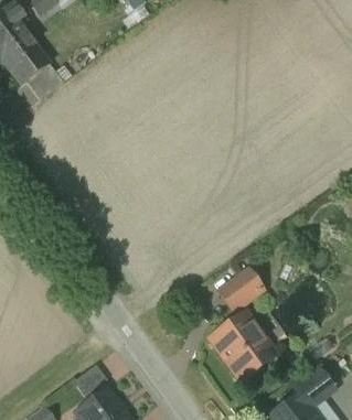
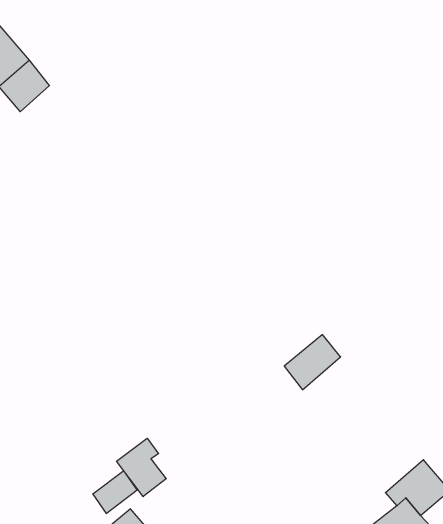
building: [212,312,276,378] -> none
building: none -> [117,438,166,497]

